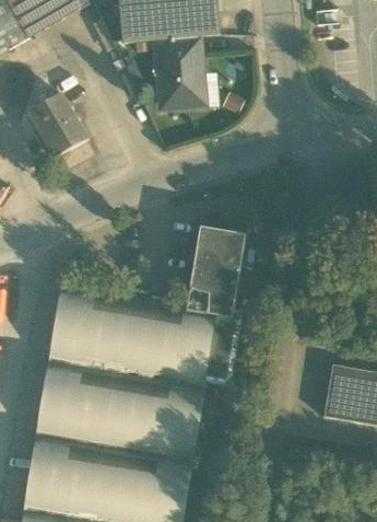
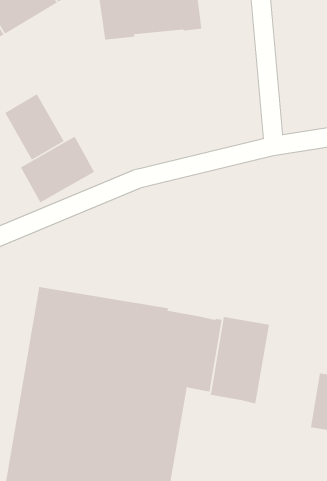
building: [155,33,205,105] -> none
building: none -> [20,136,95,203]
building: [187,228,245,312] -> [209,317,270,404]

